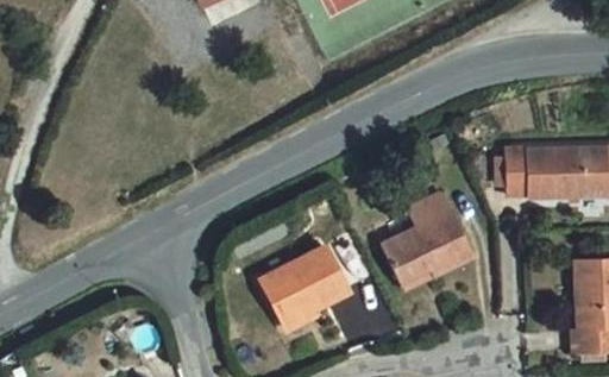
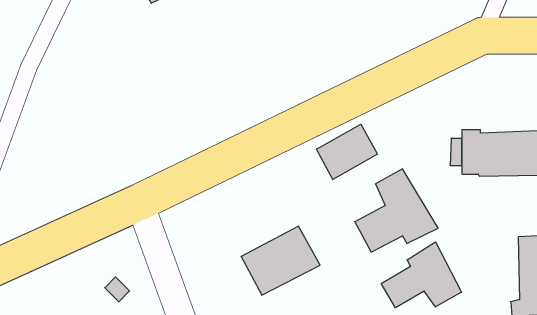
building: none -> [316,124,377,180]
building: none -> [381,242,462,308]

